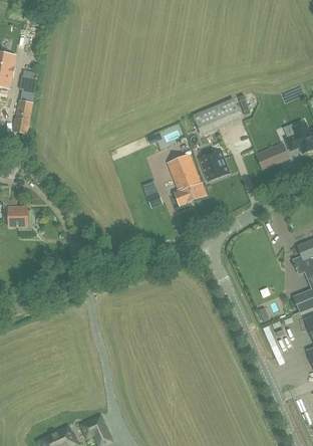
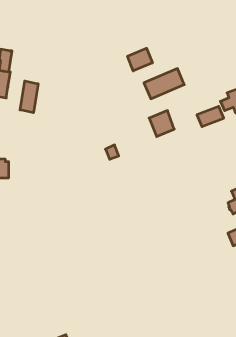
building: none -> [128,48,152,71]
building: none -> [20,81,38,113]
building: [168,153,206,204] -> none

